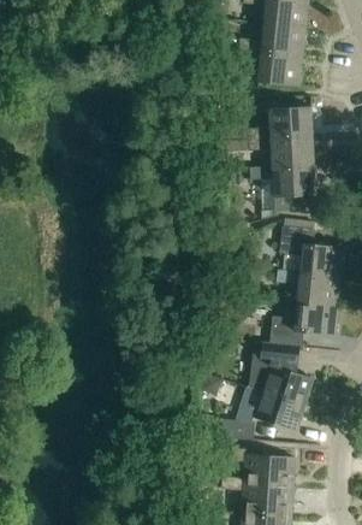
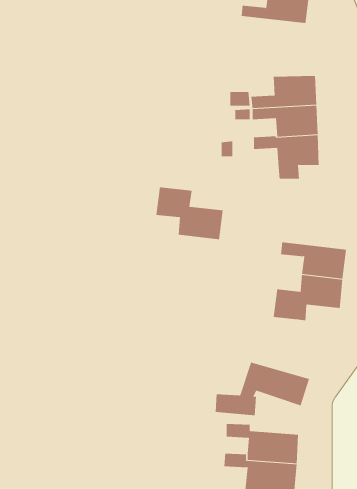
building: [237,49,302,85] -> none
building: [279,225,345,277] -> [156,187,223,240]
building: [248,341,313,403] -> none

